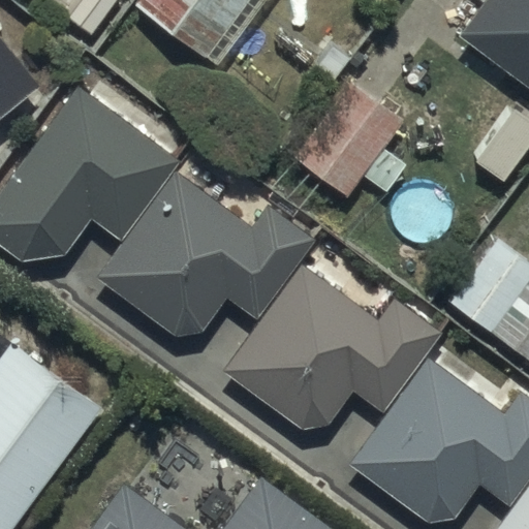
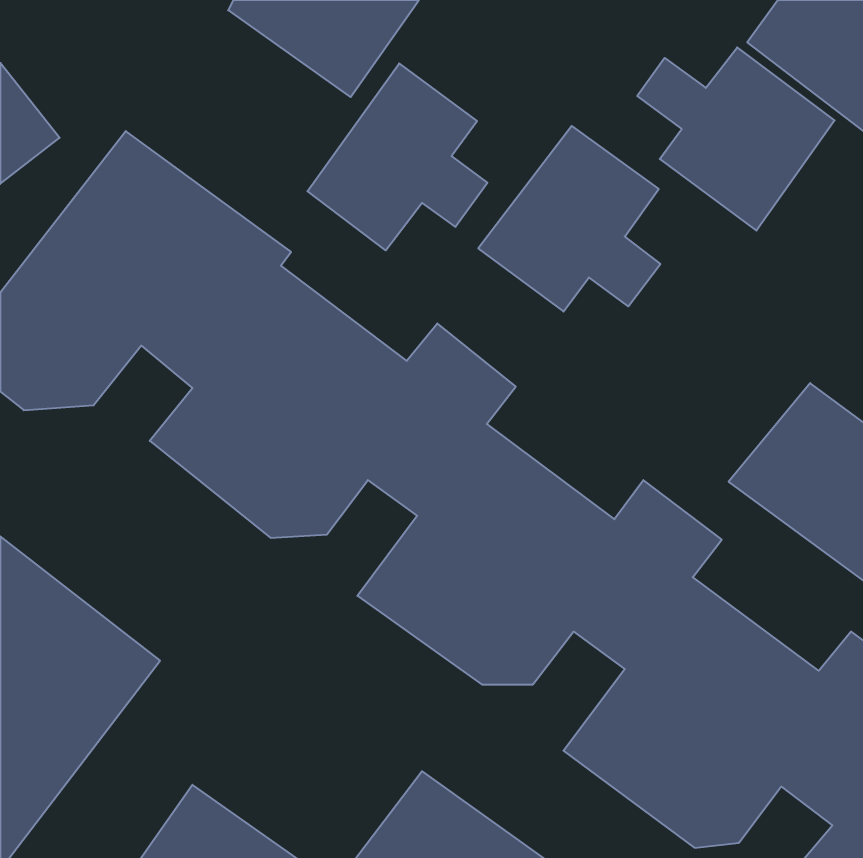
building: none -> [637,47,835,231]
building: none -> [307,63,487,250]

